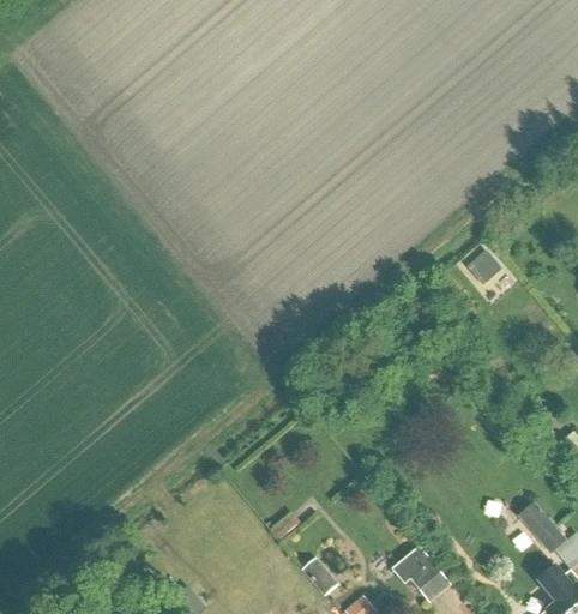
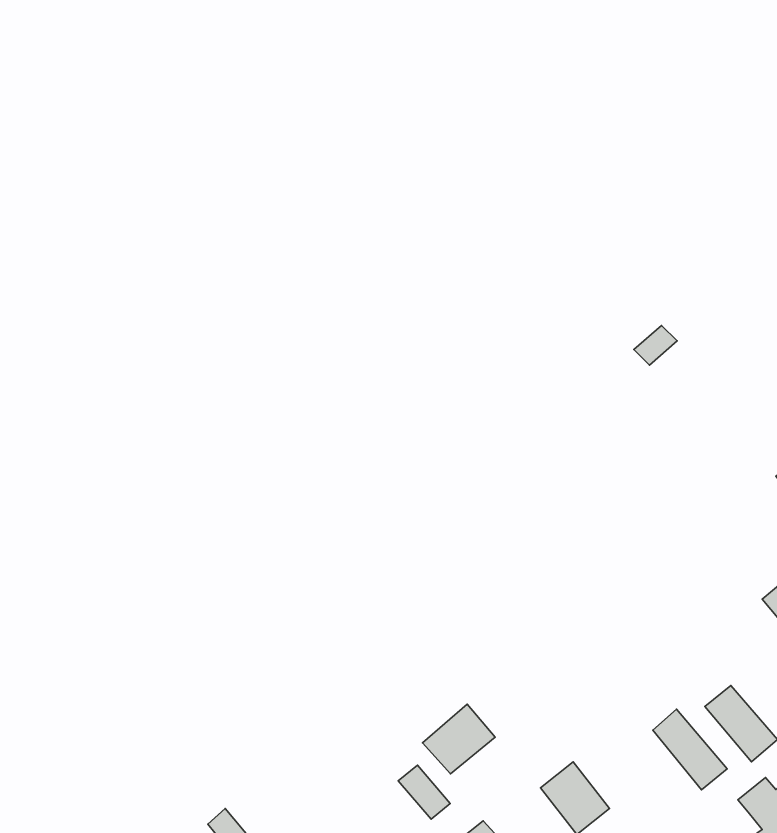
building: none -> [423,704,495,774]
building: none -> [653,709,727,790]

